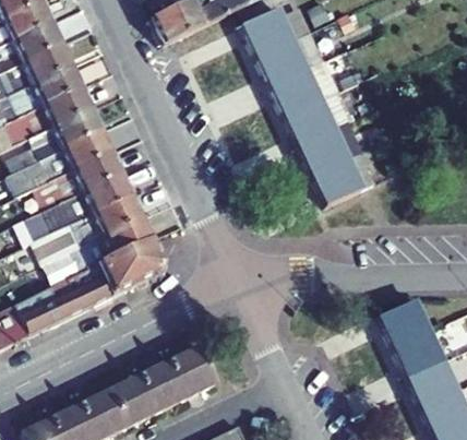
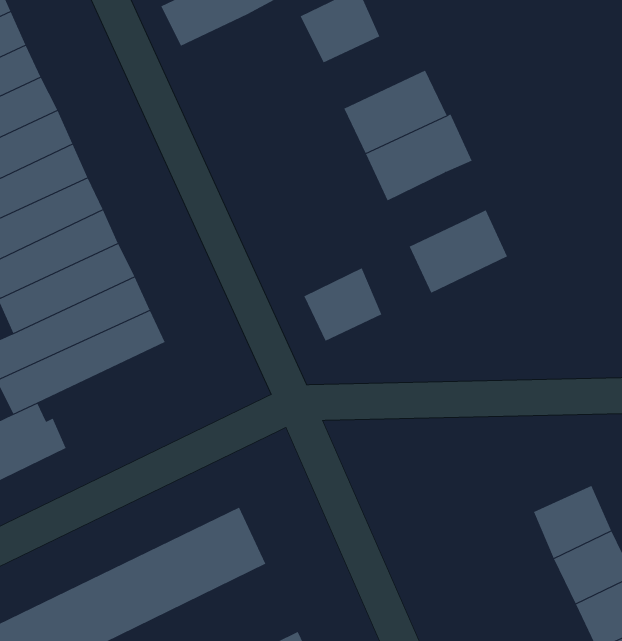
building: [255,32,322,86] -> none
building: [297,128,348,176] -> [303,268,382,342]
building: [70,238,164,307] -> none
building: [378,300,430,348] -> none

